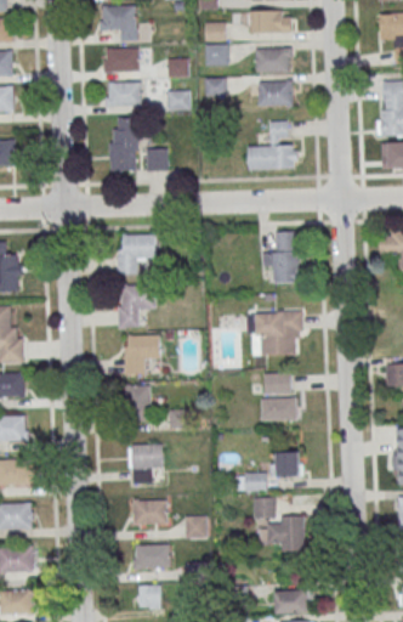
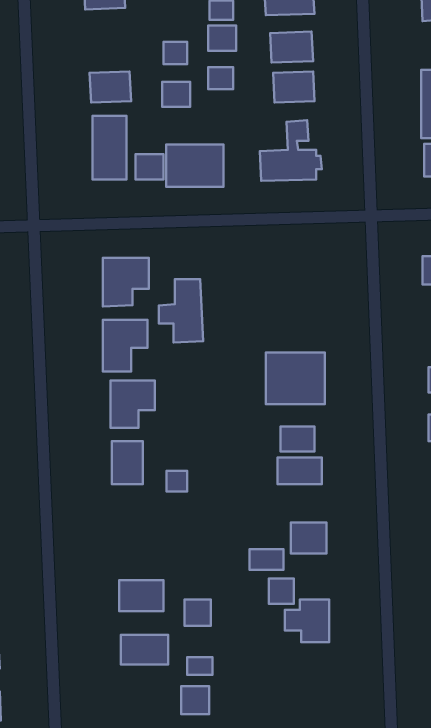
building: [104,47,138,73] -> none
building: none -> [166,144,224,187]
building: [261,231,297,283] -> [159,279,203,343]
building: [130,445,163,482] -> none
building: [137,586,160,609] -> [181,686,209,714]
building: [274,590,314,613] -> none

